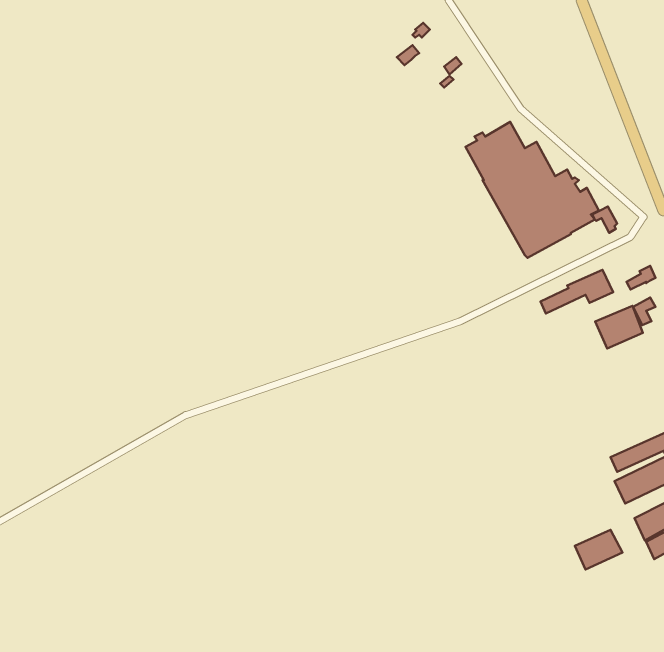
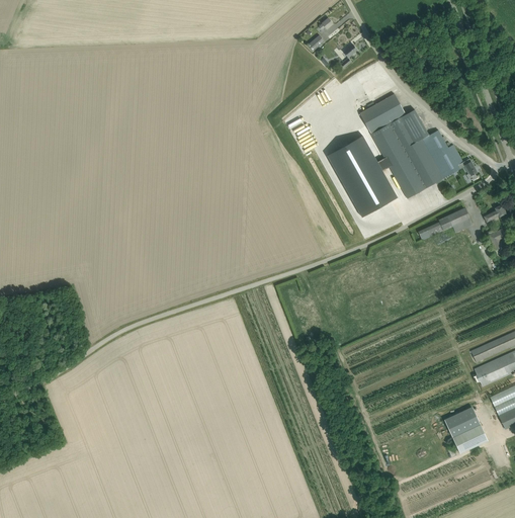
building: none -> [330,134,399,214]
building: [595,306,643,349] -> none
building: none -> [451,424,487,453]

